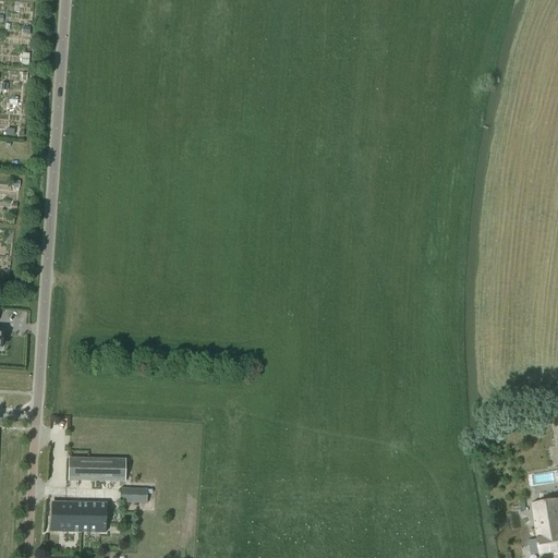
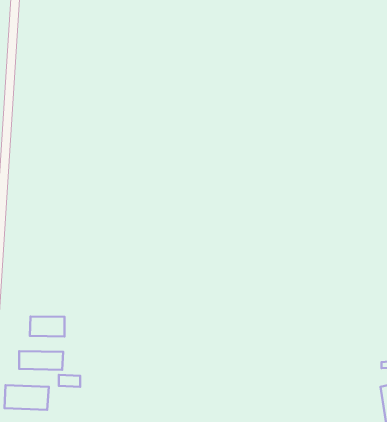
building: none -> [30,316,65,337]

